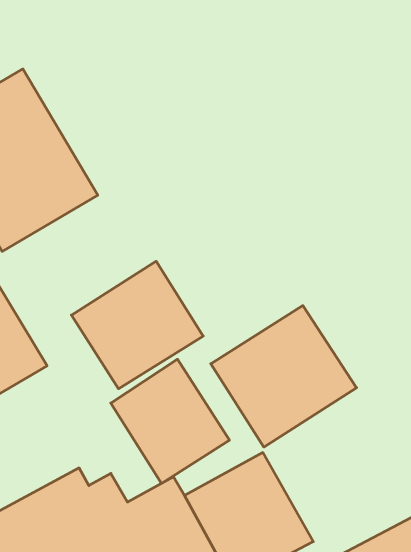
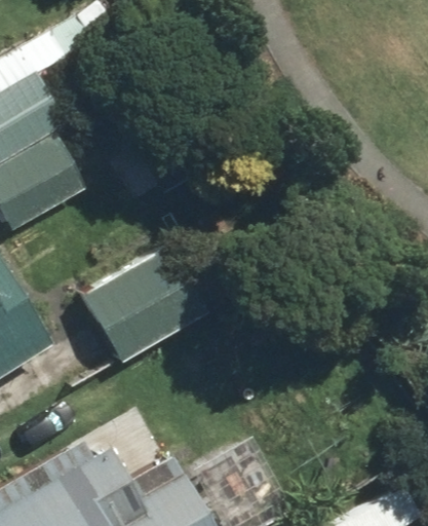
building: [211,306,357,447] -> none
building: [111,359,229,483] -> none

